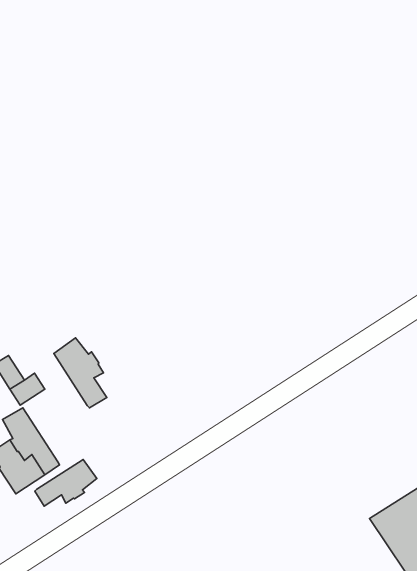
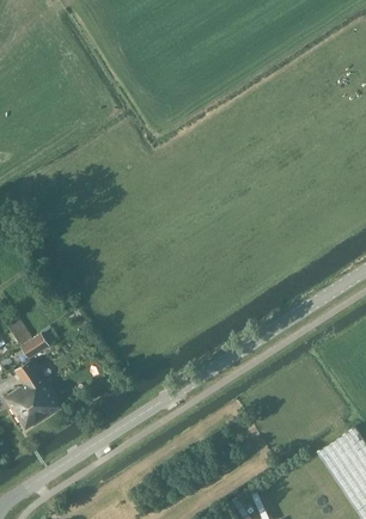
building: [54,338,107,408] -> none
building: [35,459,97,506] -> none

